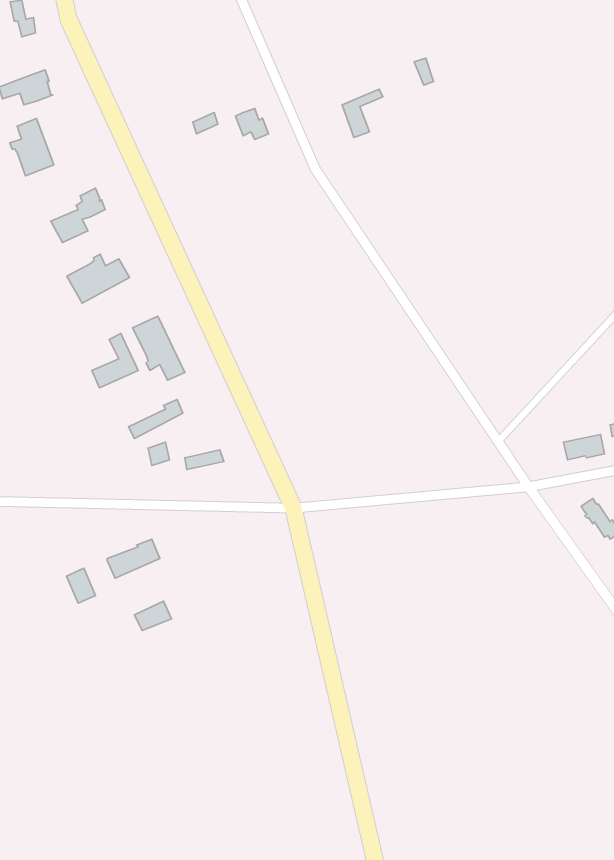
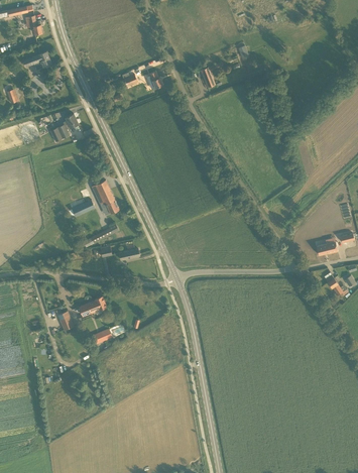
building: [10,118,54,176] -> none
building: [67,254,129,303] -> none

